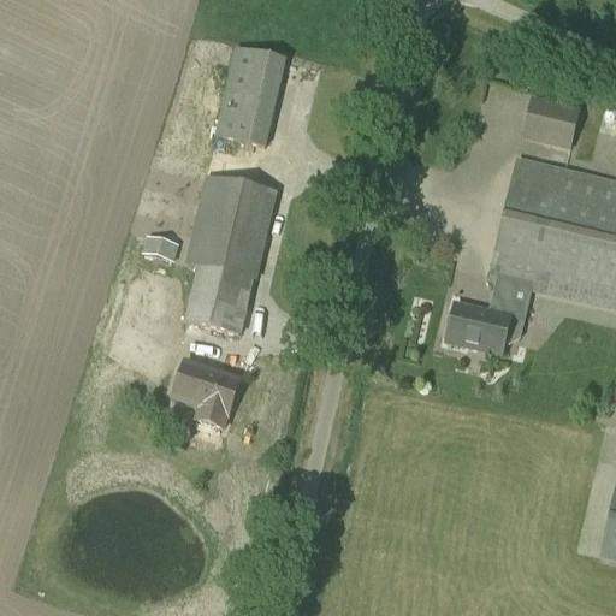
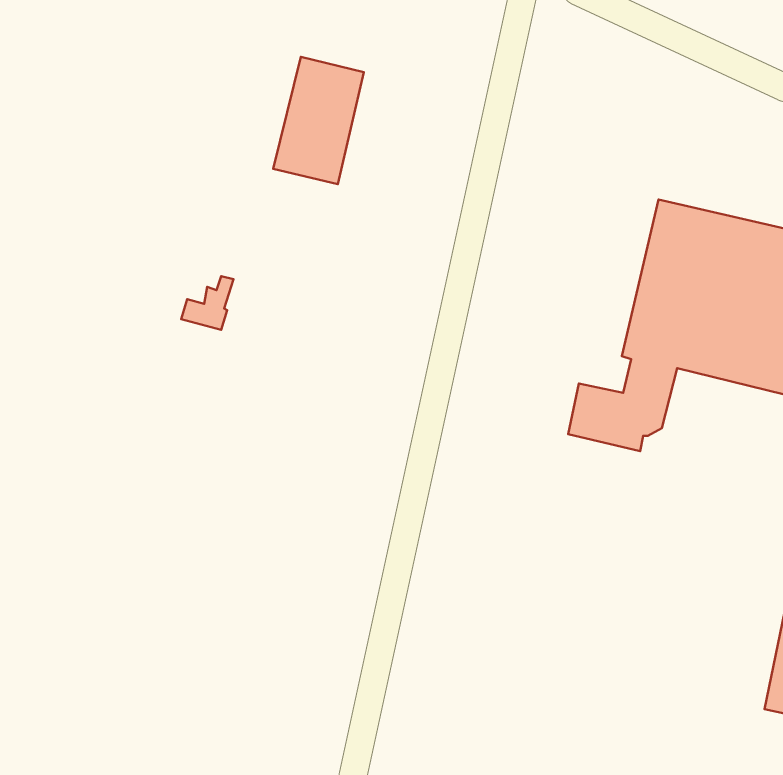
building: [522,94,581,147] -> none
building: [184,172,278,333] -> none
building: [172,357,242,427] -> none

